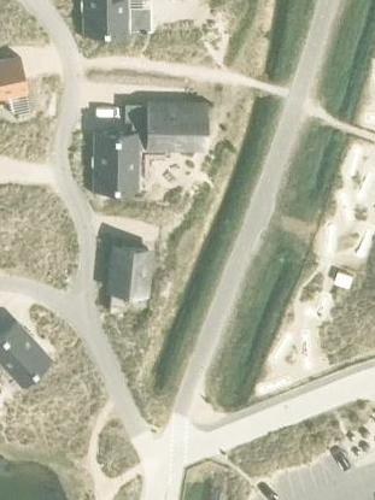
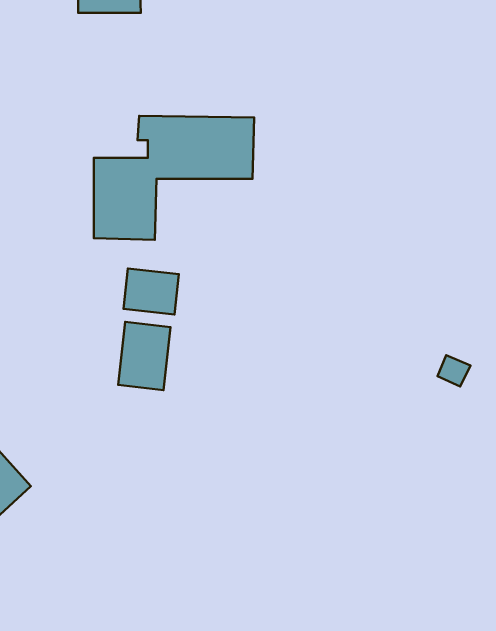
building: none -> [123,269,179,314]

